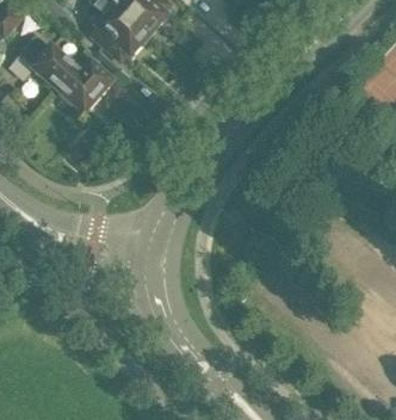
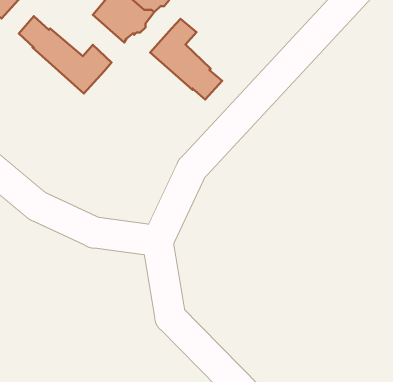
building: none -> [150,19,222,99]

